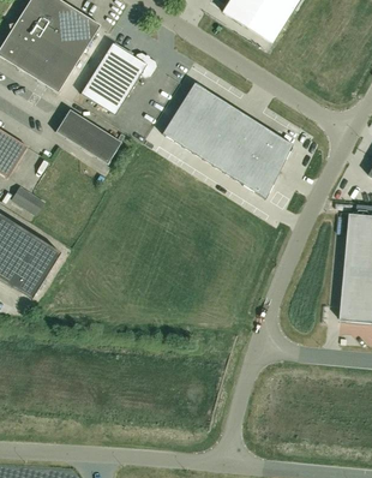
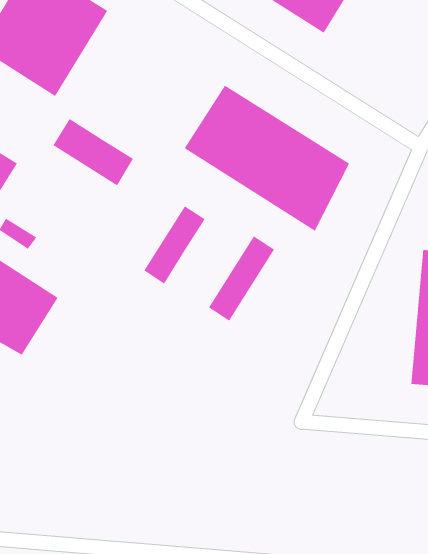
building: [82,42,157,114] -> none
building: none -> [143,205,205,284]
building: none -> [208,235,275,322]

